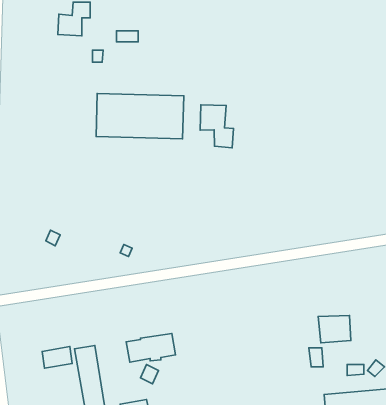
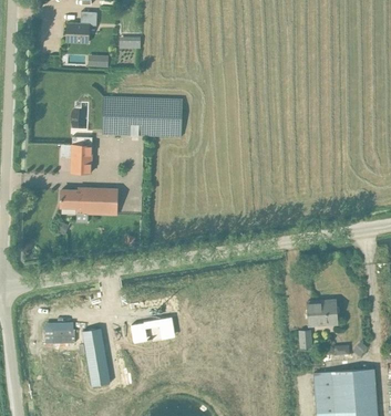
building: [200,105,233,148] -> none
building: none -> [70,145,91,173]
building: none -> [59,188,116,215]

